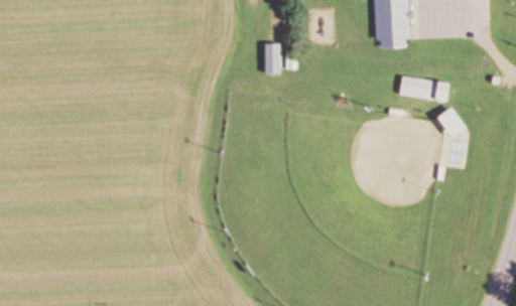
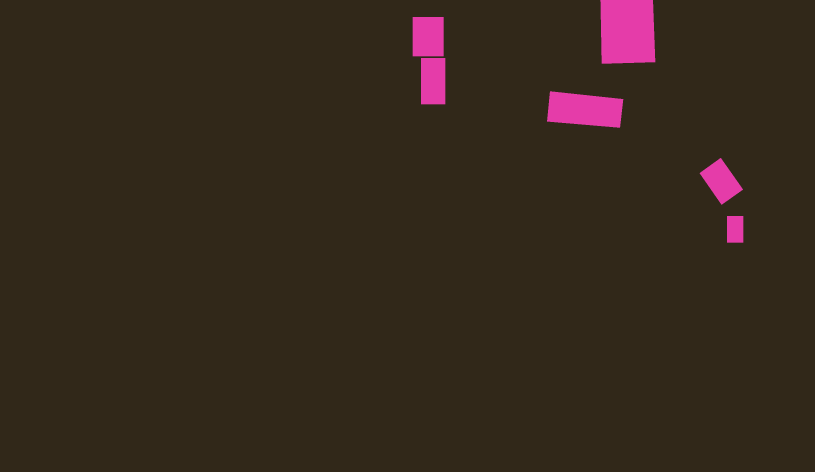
building: none -> [412,16,444,57]
building: [400,77,448,100] -> [546,91,624,128]

